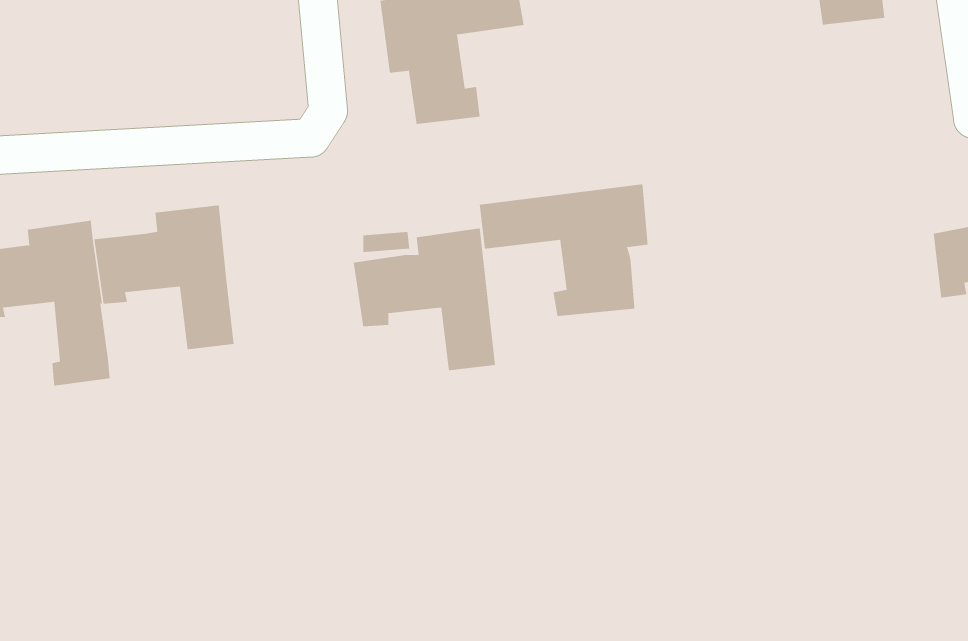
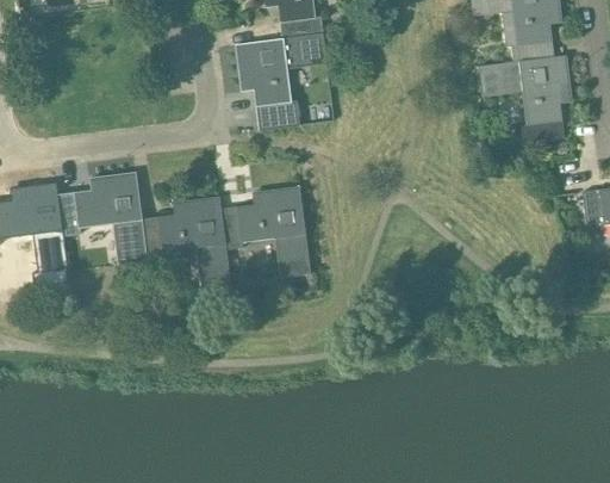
building: none -> [479,52,569,141]
building: [479,183,648,317] -> none
building: none -> [142,197,231,286]

